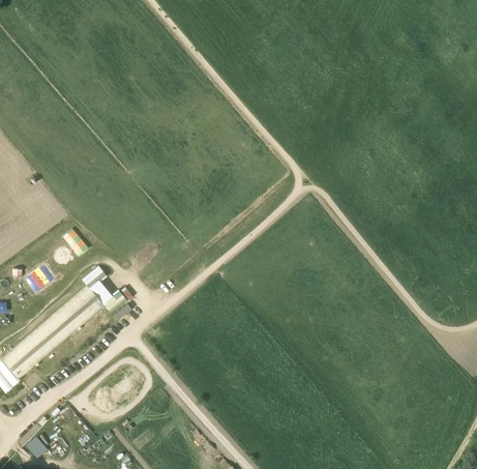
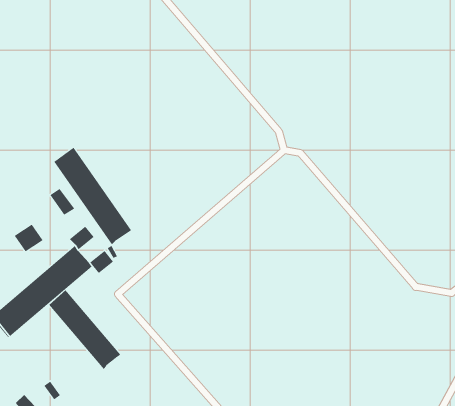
building: none -> [53,147,132,245]
building: none -> [48,289,121,370]

